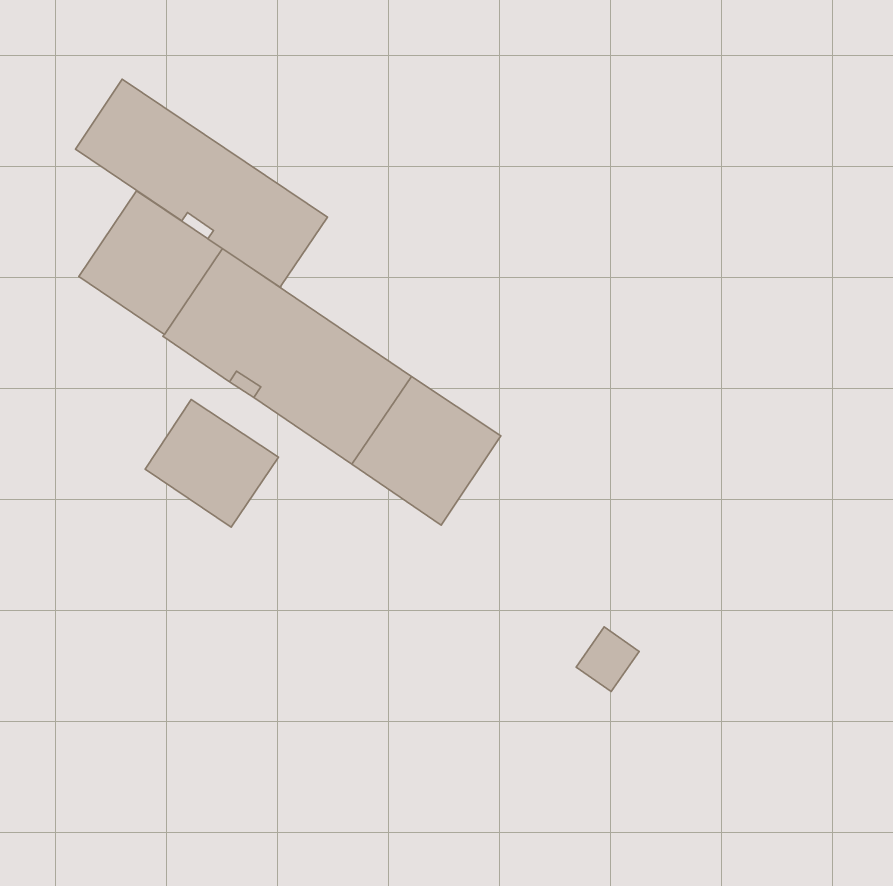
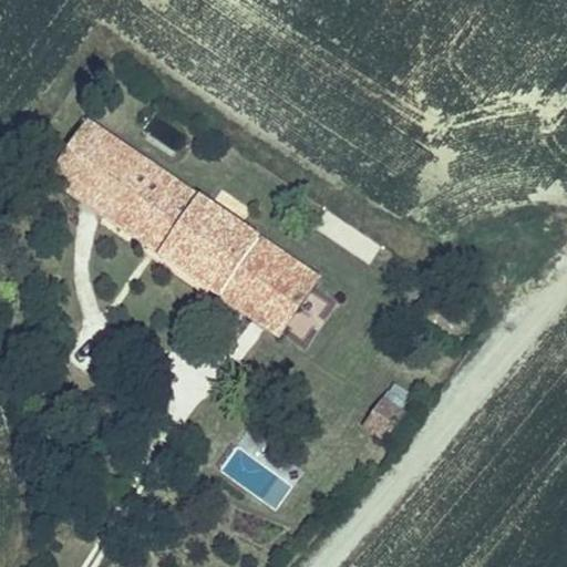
building: [75,79,327,287] -> none
building: [145,399,279,527] -> none

